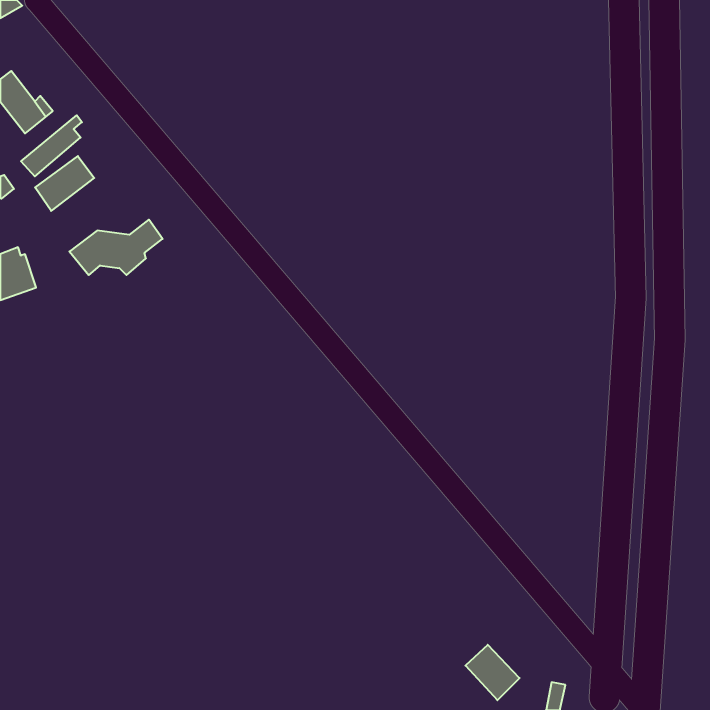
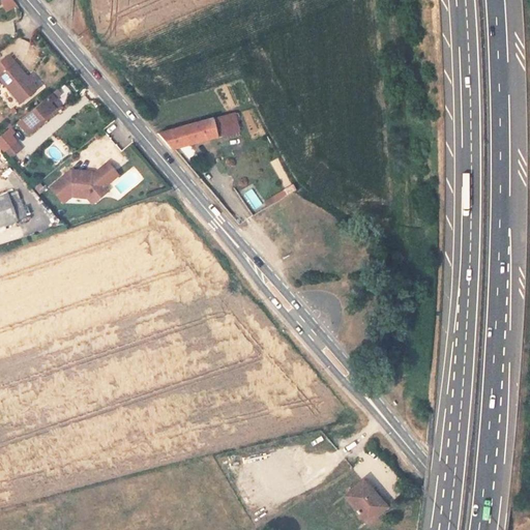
building: [35,156,94,211] -> none
building: none -> [157,118,228,149]

